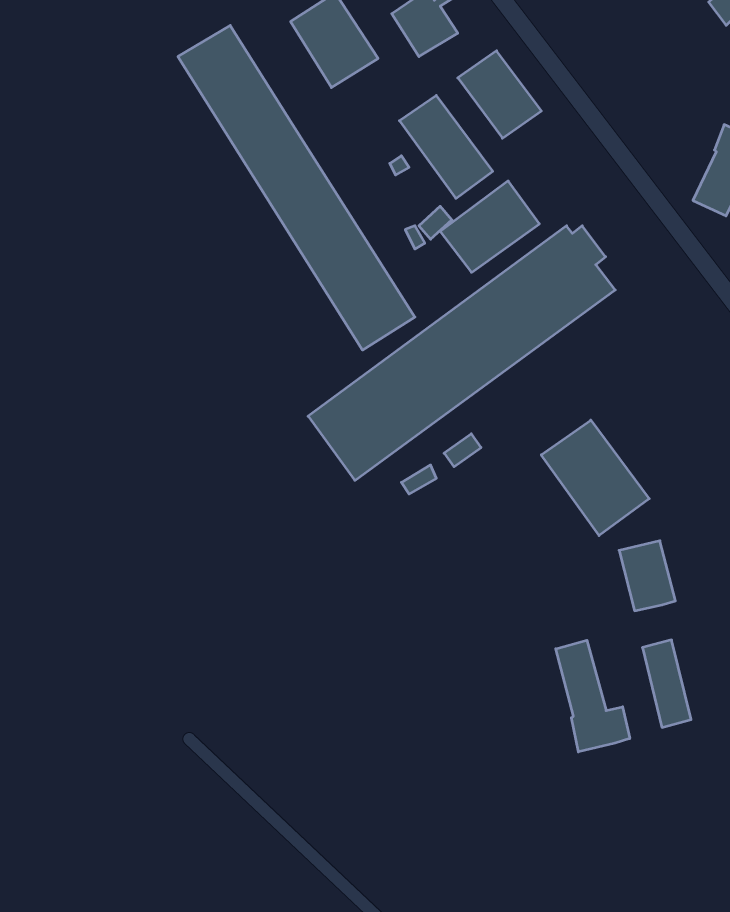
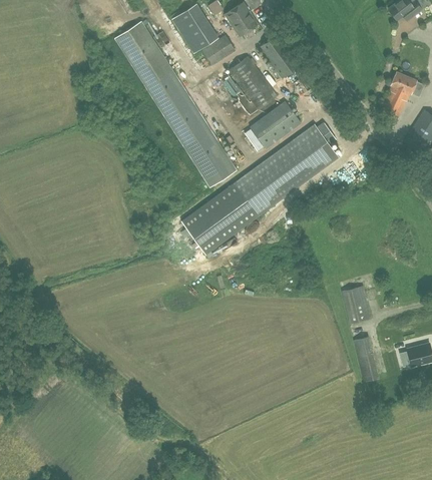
building: none -> [202,35,235,64]
building: [541,420,649,536] -> none
building: [556,640,630,752] -> none

